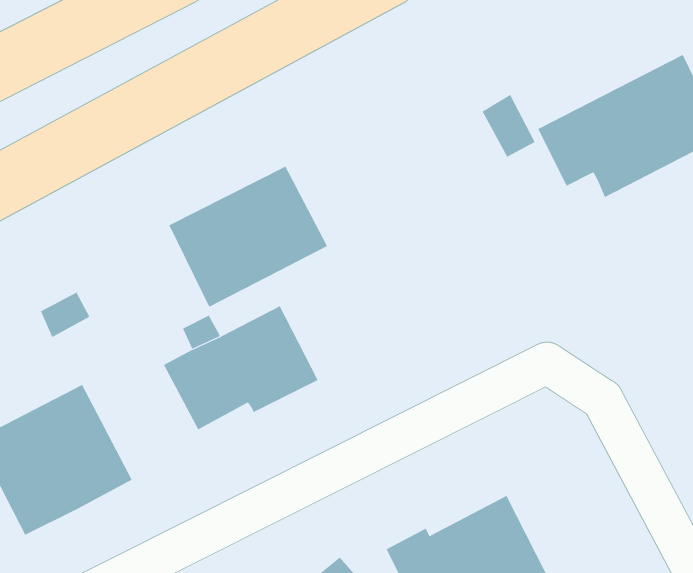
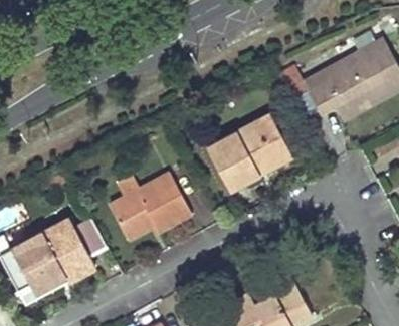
building: [169,166,328,308] -> [208,114,291,189]

